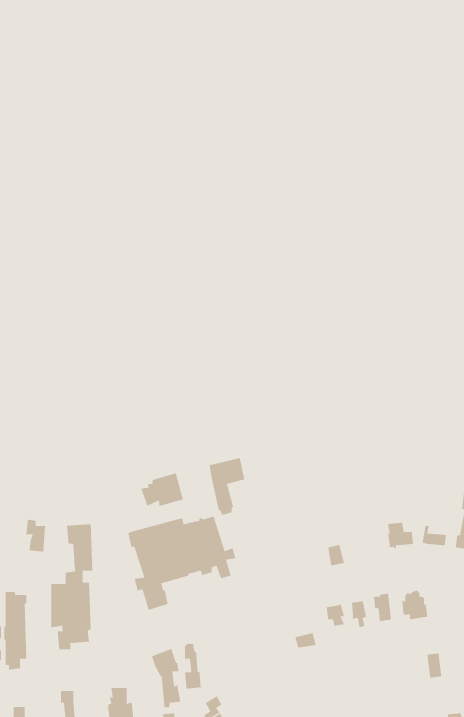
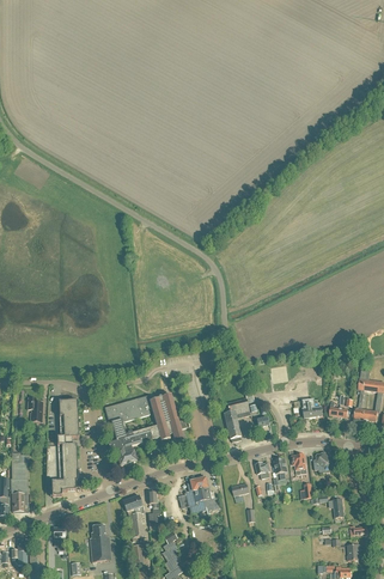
building: [209,457,245,516] -> [223,398,250,443]
building: [141,473,183,507] -> none
building: none -> [185,476,211,514]

